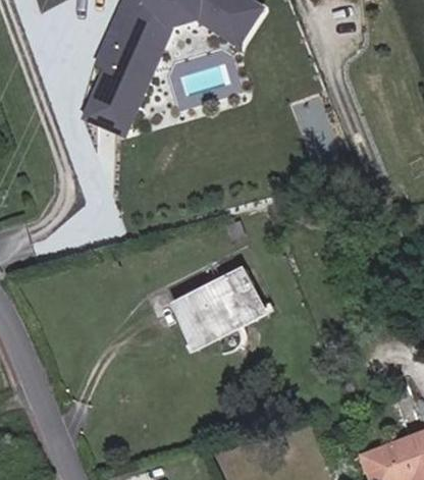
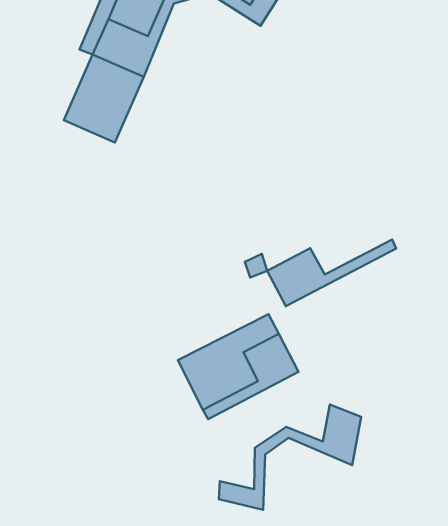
building: none -> [267,240,396,306]
building: none -> [219,405,361,510]

